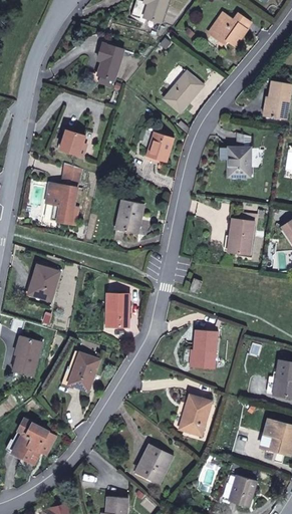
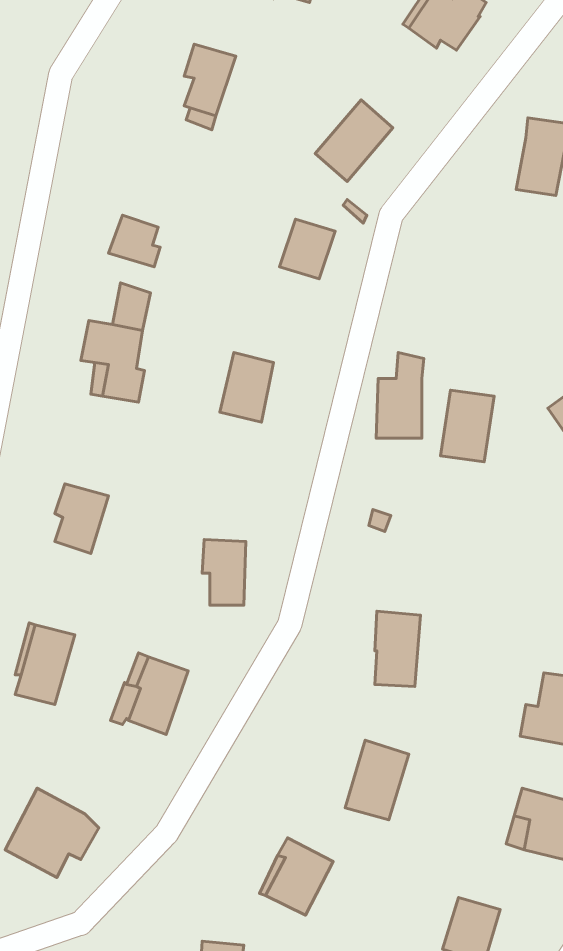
building: [227,134,251,177] -> [376,353,424,438]

